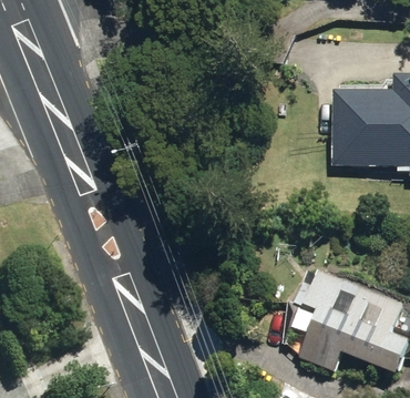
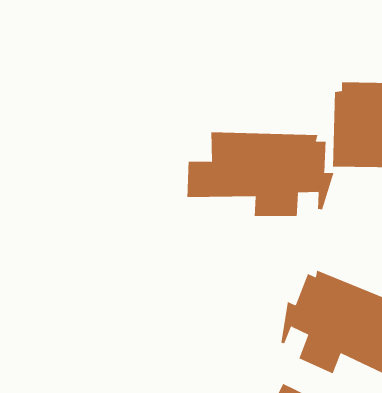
building: none -> [187,131,334,217]

